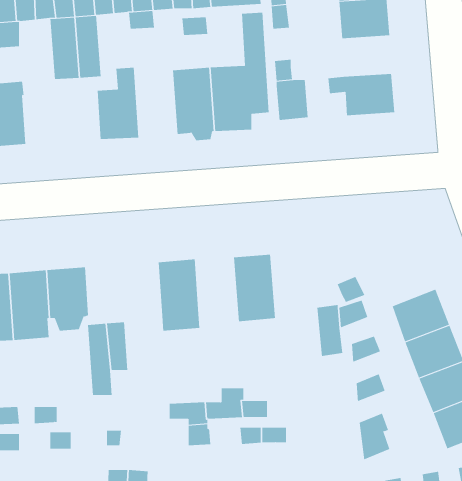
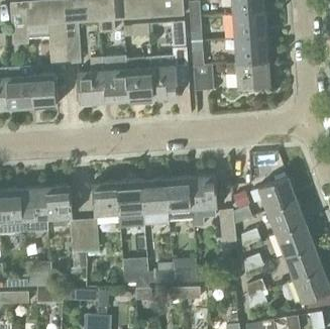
building: none -> [235,37,267,64]
building: none -> [102,57,129,103]
building: none -> [30,75,58,107]
building: none -> [190,176,217,227]
building: none -> [258,177,296,211]
building: none -> [141,180,169,225]
building: none -> [92,183,119,216]

